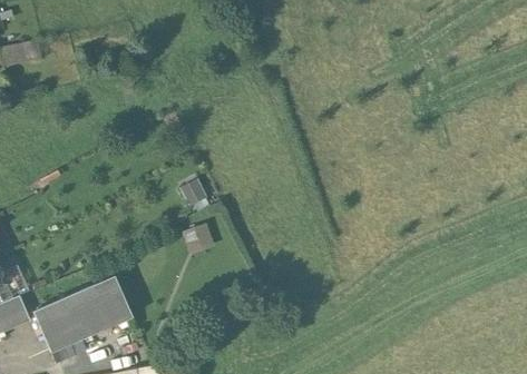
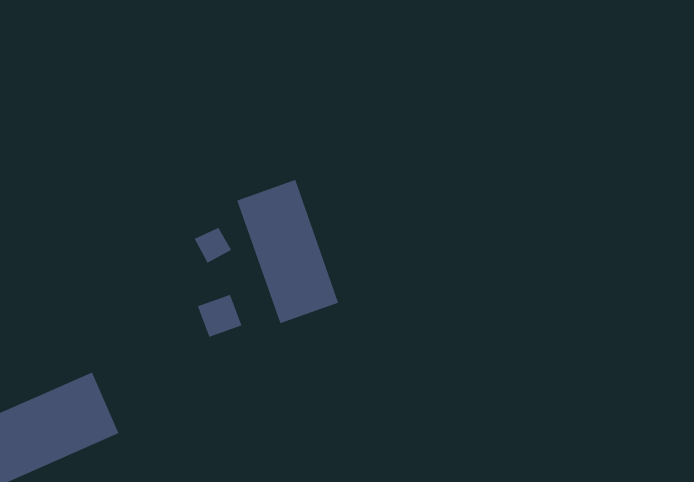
building: none -> [236,179,339,324]

